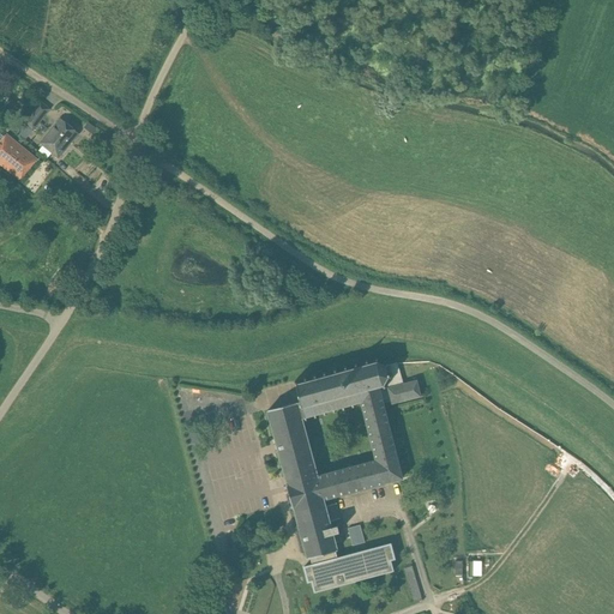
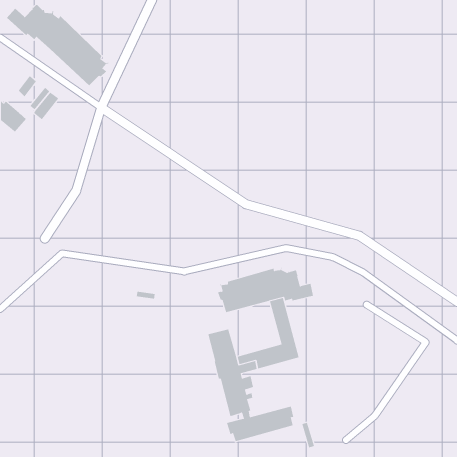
building: none -> [6,4,109,86]
building: [269,402,307,447] -> none

